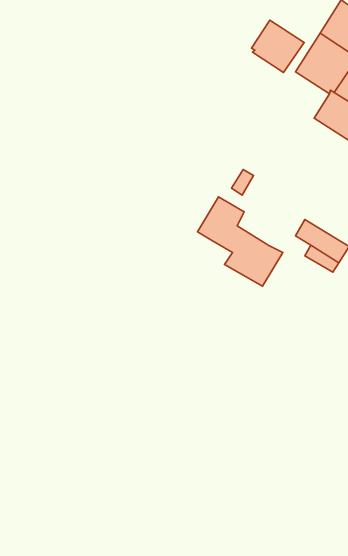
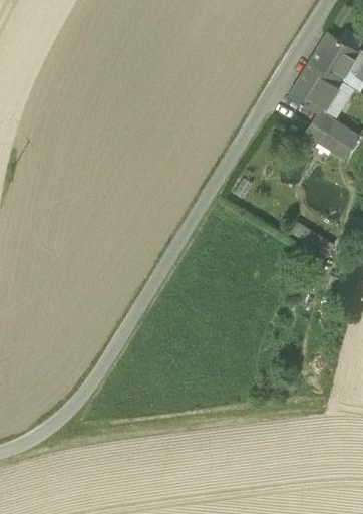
building: [252,20,304,73] -> none
building: [198,197,283,286] -> none

